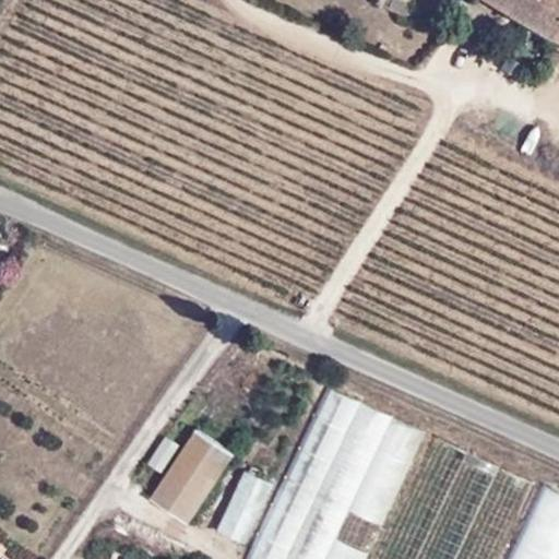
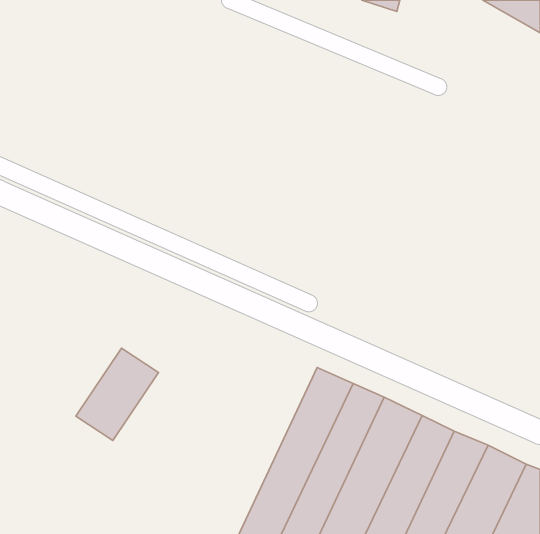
building: [147,435,233,530] -> [76,348,159,440]
building: [216,475,272,546] -> none

